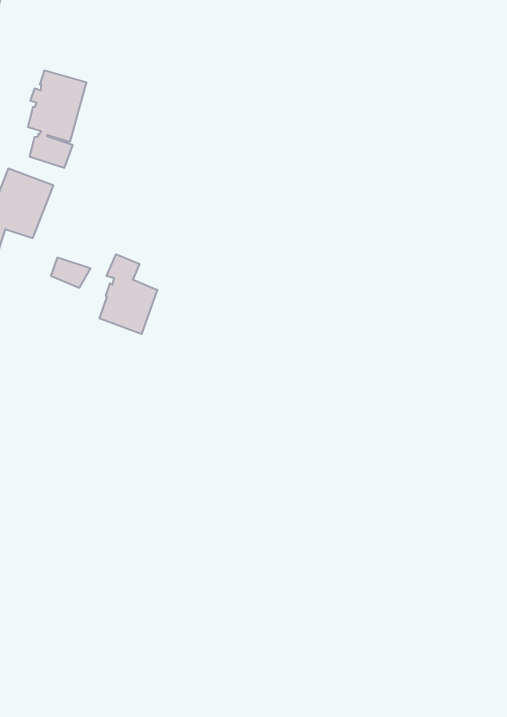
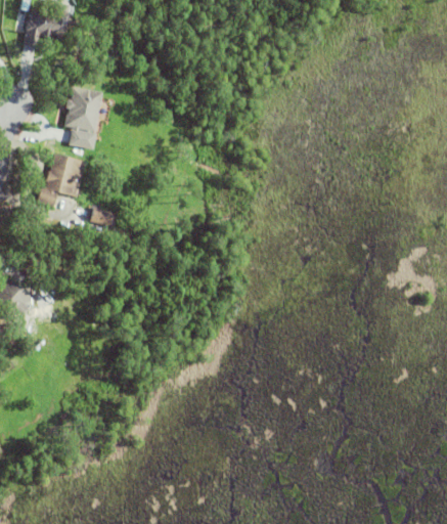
building: [100,254,157,334] -> none

